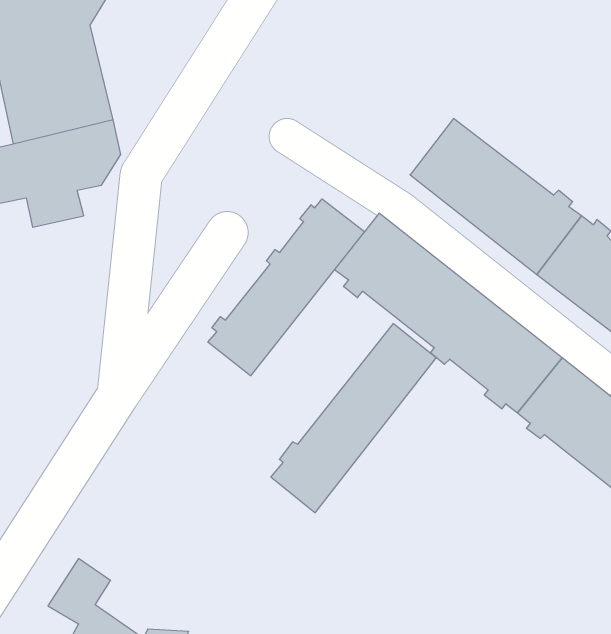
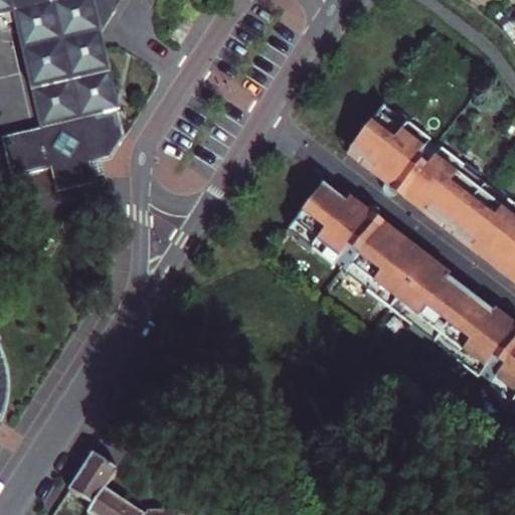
building: [208,199,365,376] -> none
building: [271,324,436,513] -> none

